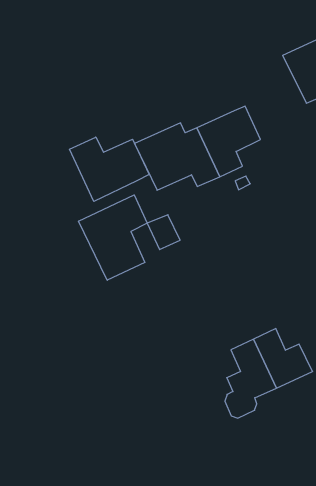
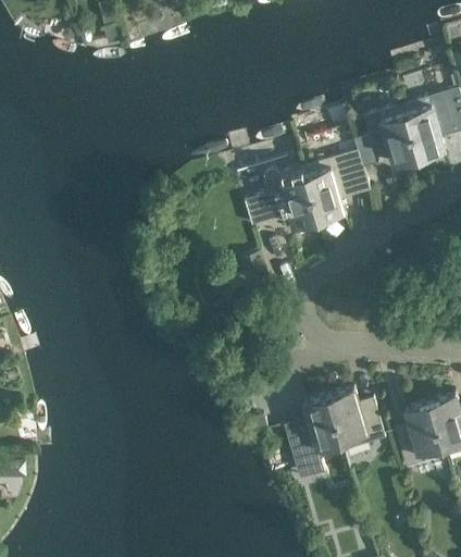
building: none -> [356,103,422,189]
building: [69,137,149,201] -> none
building: [79,195,147,280] -> none

